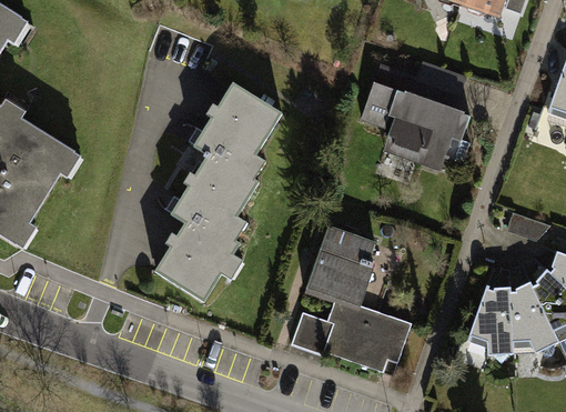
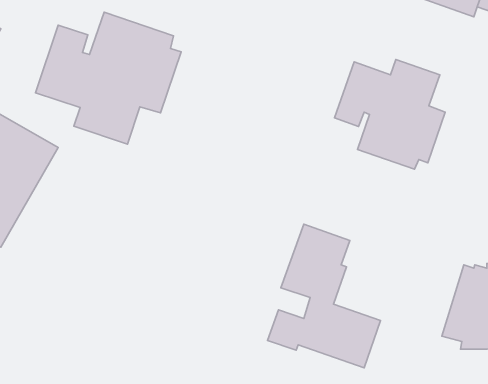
building: none -> [36,12,181,144]
building: [154,87,279,302] -> none

